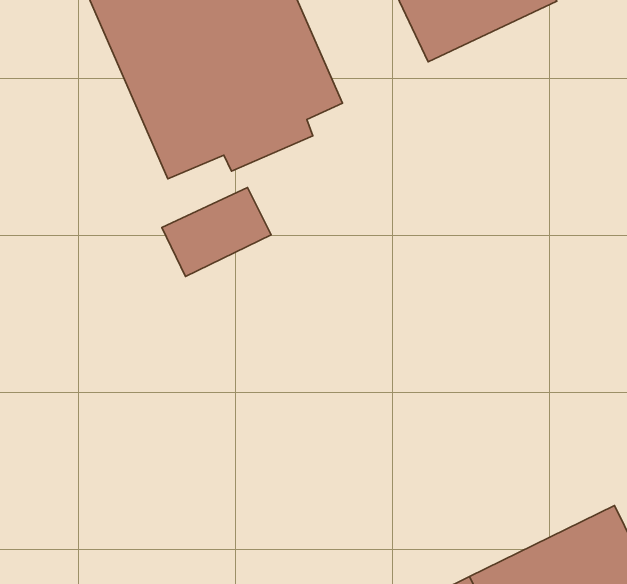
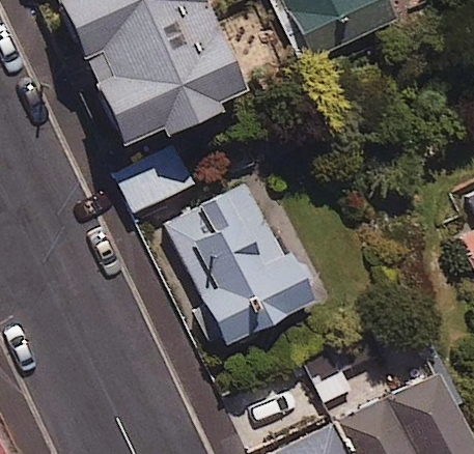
building: none -> [166,182,318,344]

